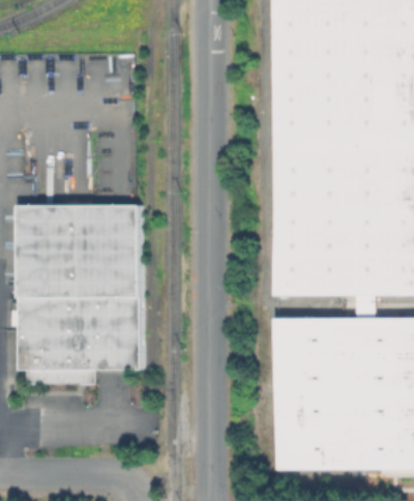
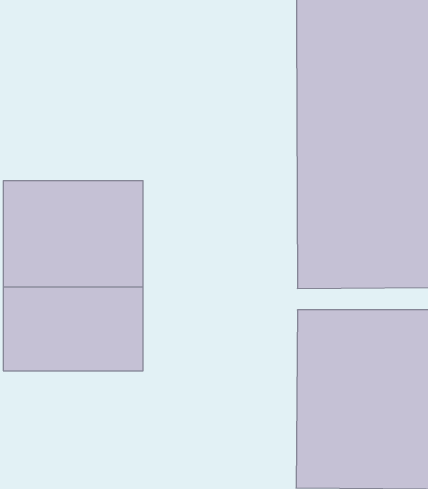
building: [26,370,94,384] -> none

